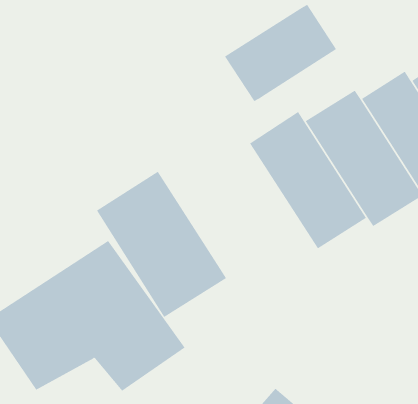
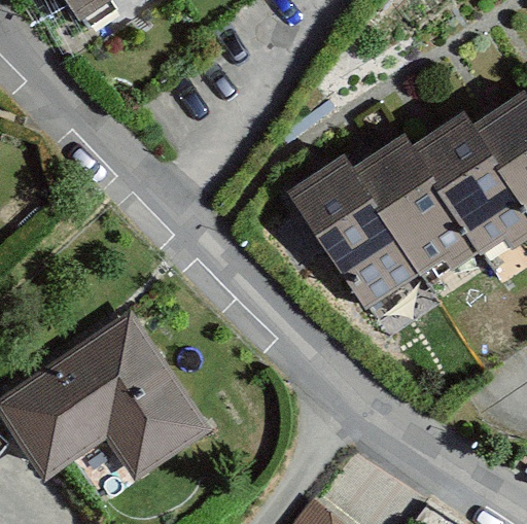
building: [224,4,337,102] -> none
building: [96,171,227,318] -> none

